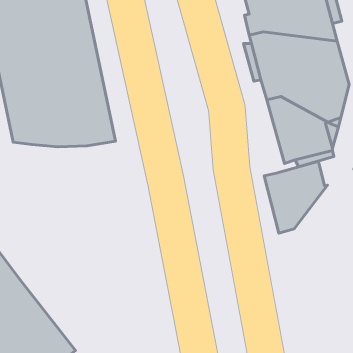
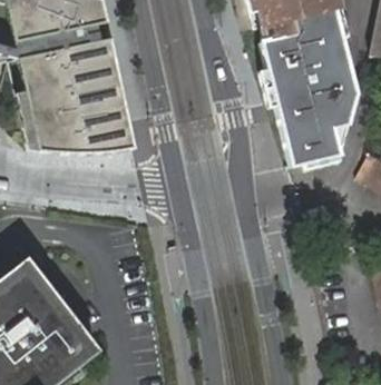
building: [264,161,327,233] -> none

